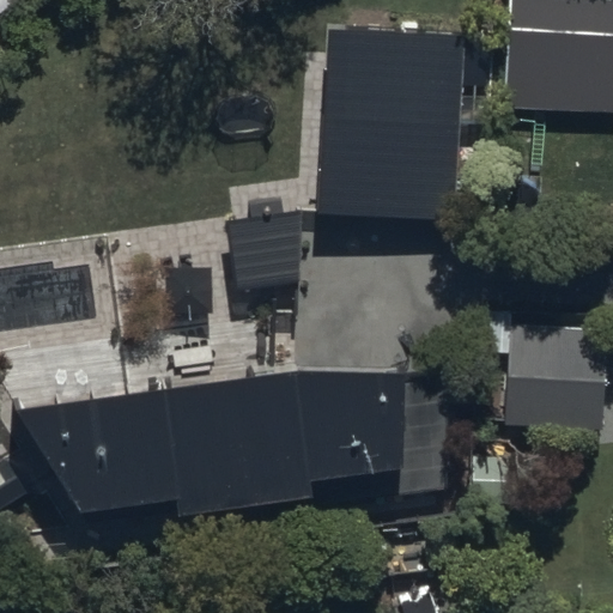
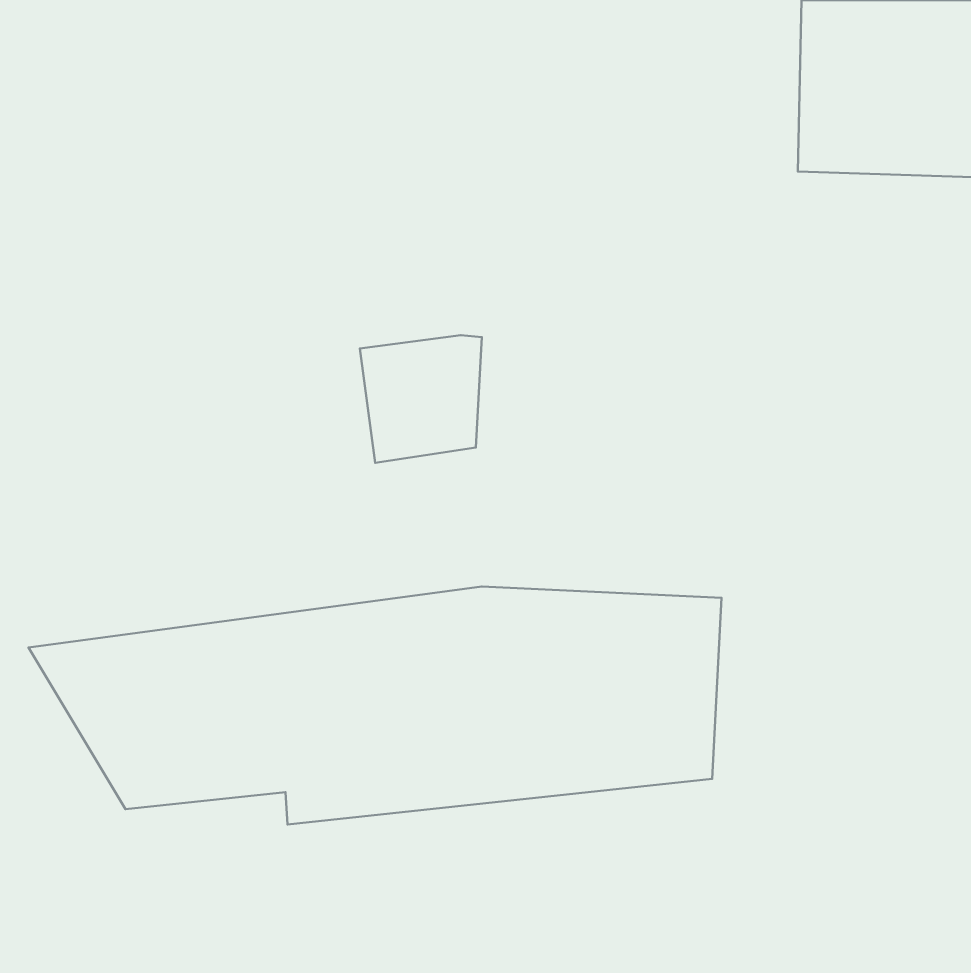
building: [321,24,459,224] -> none
building: [504,321,606,432] -> none

